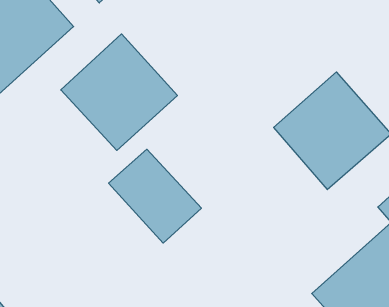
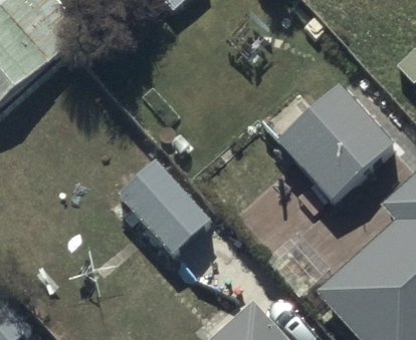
building: [61,34,177,150] -> none

